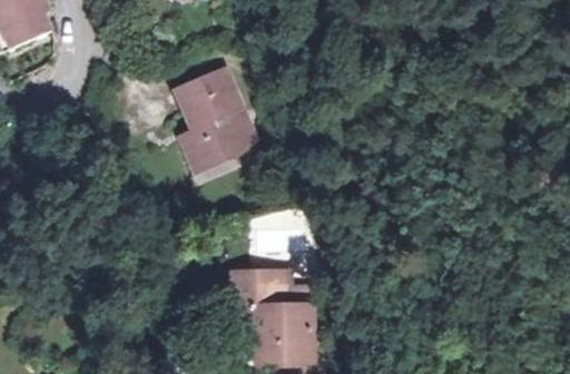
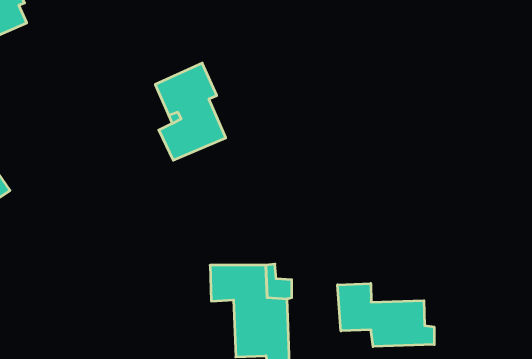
building: none -> [338,283,434,347]

